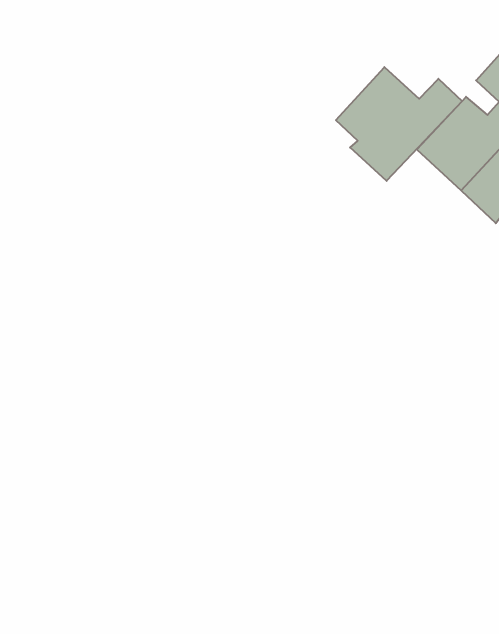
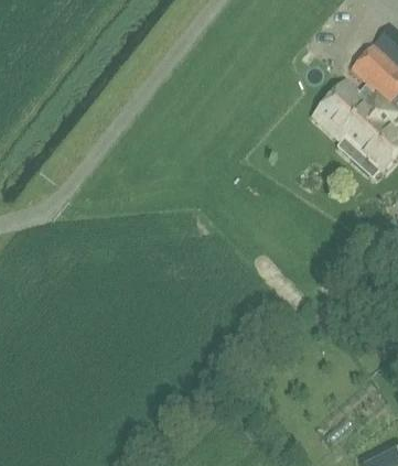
building: [336,67,462,181] -> none

